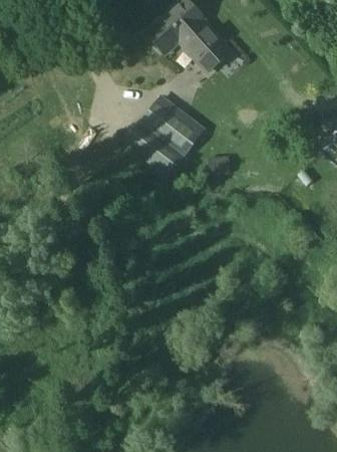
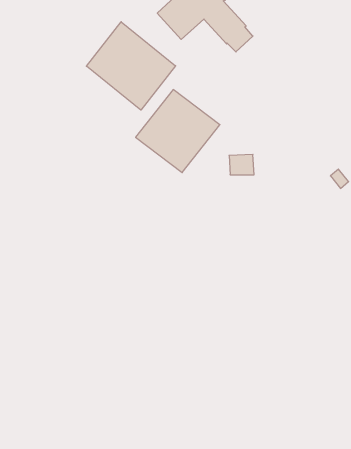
building: none -> [86,22,176,110]

